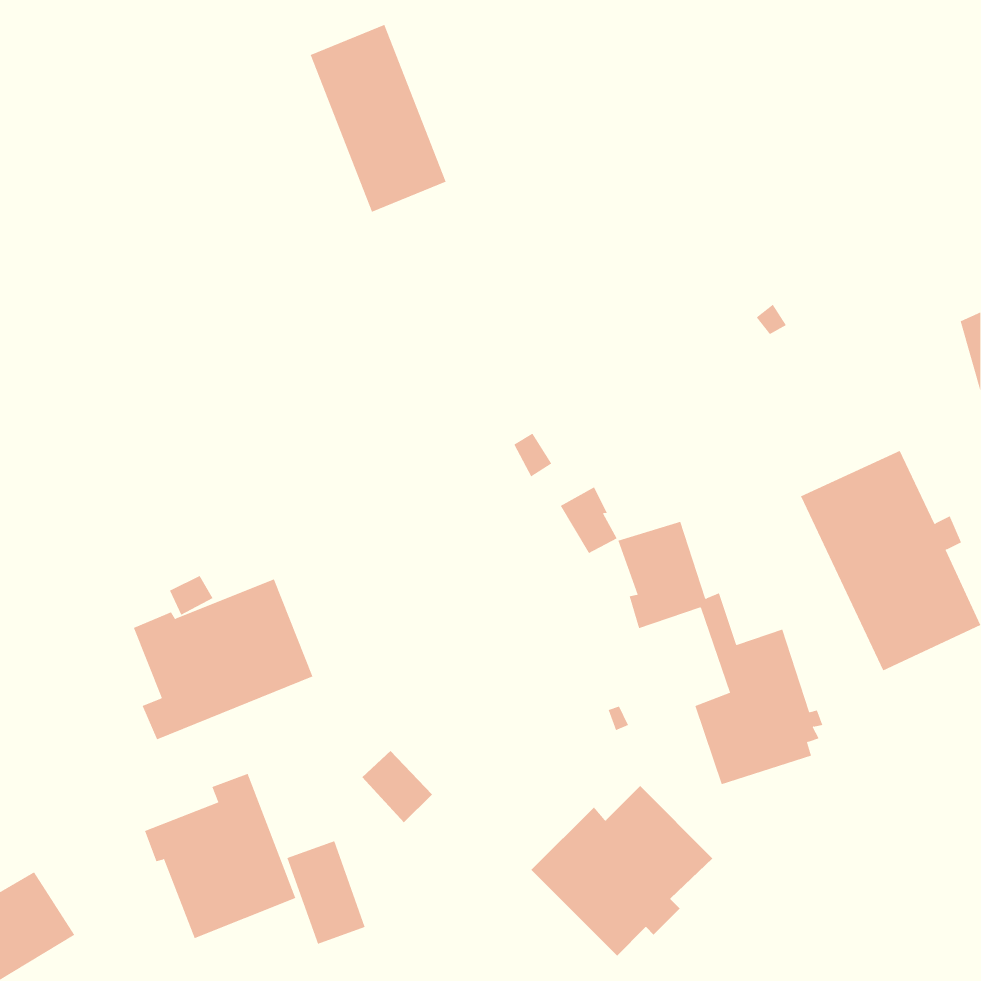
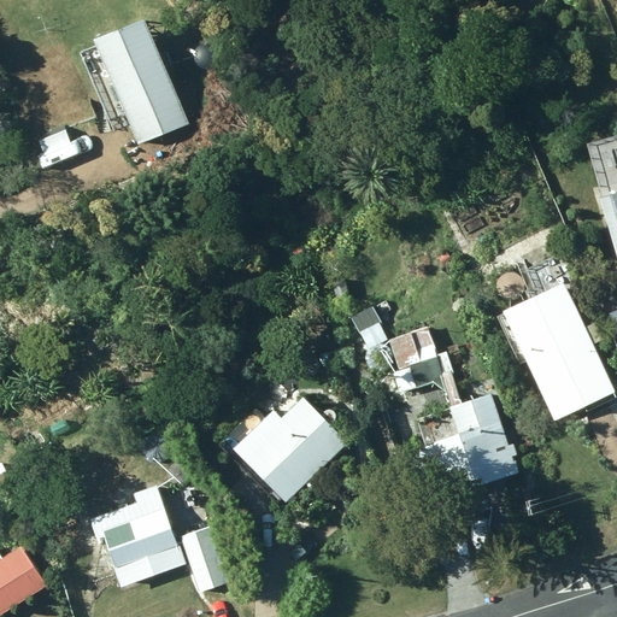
building: [310,24,446,213] -> [101,25,187,143]
building: [133,579,313,740] -> none
building: [531,785,713,956] -> [233,396,347,504]

